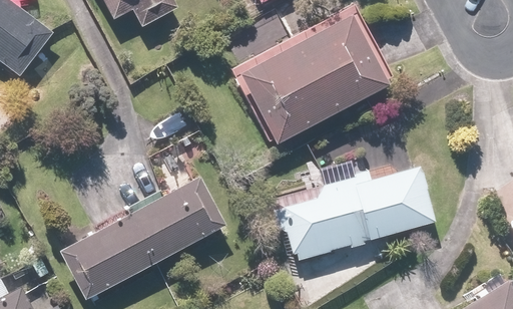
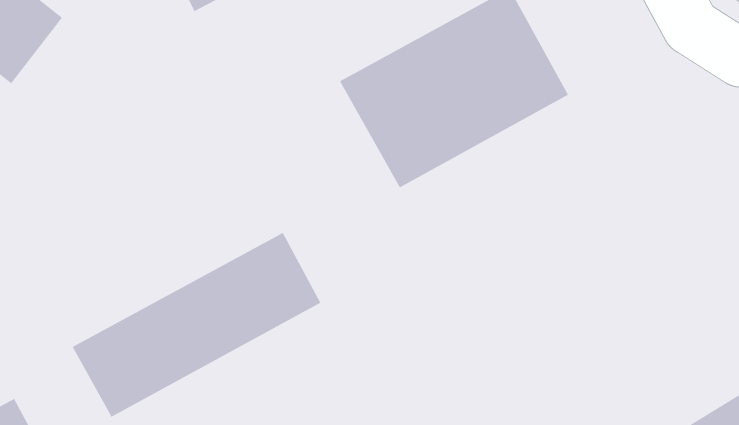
building: [273,164,436,261] -> none

